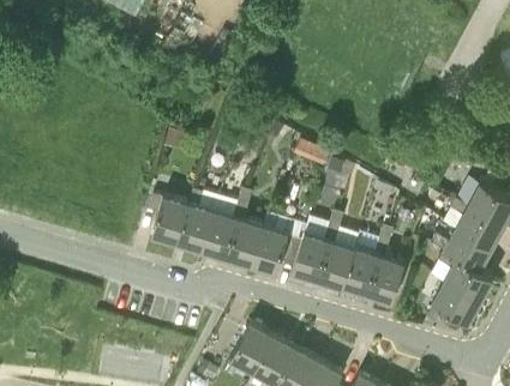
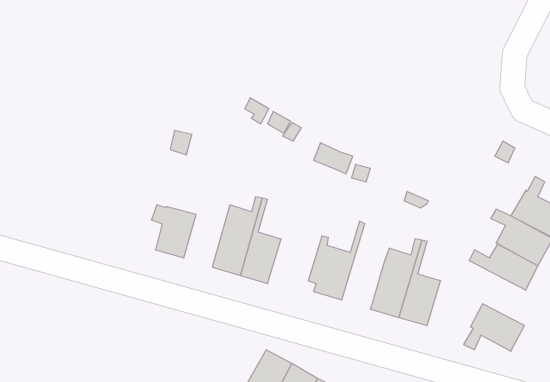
building: [178,188,218,251] -> none
building: [318,212,355,288] -> none
building: [252,213,300,273] -> none
building: [438,252,494,302] -> none

